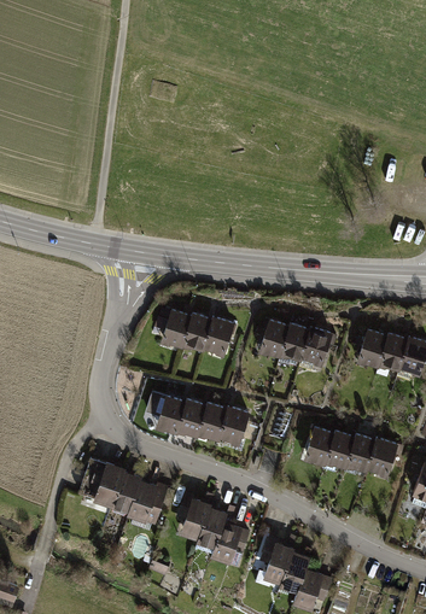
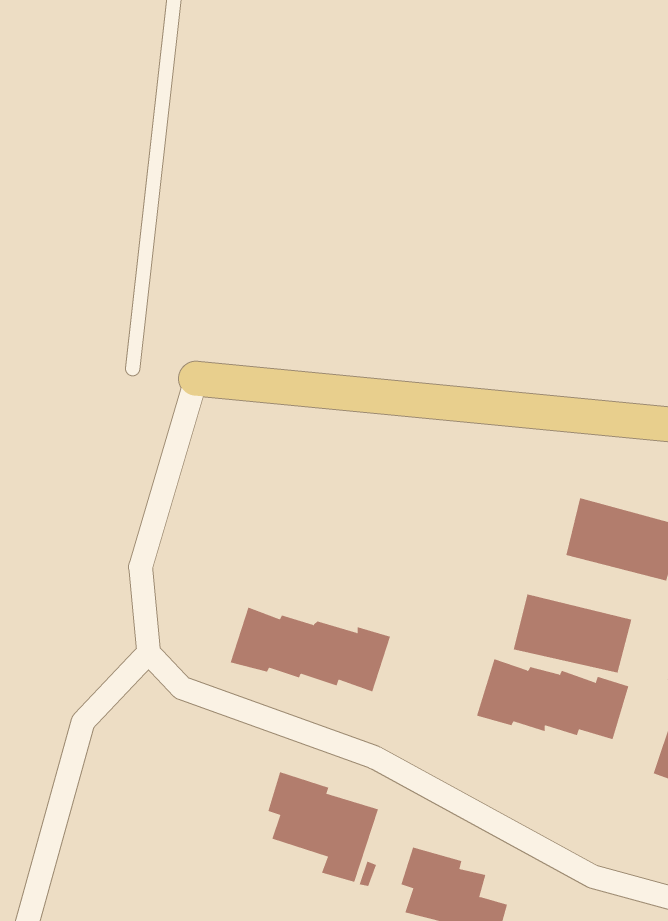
building: [161,309,233,355] -> none
building: [258,320,331,368] -> [513,594,632,673]
building: [88,460,171,526] -> none

